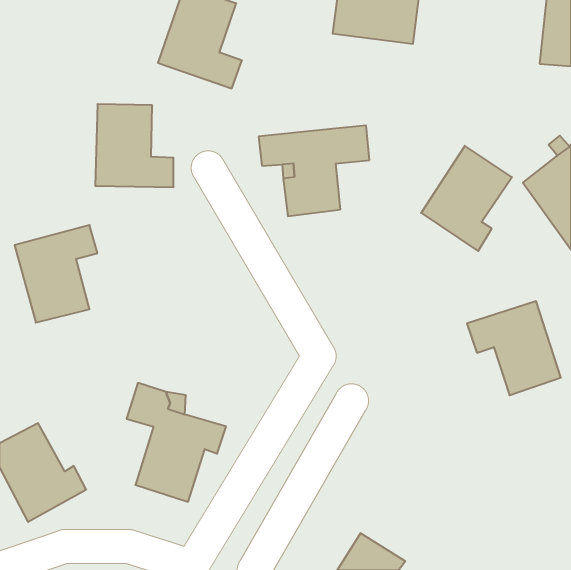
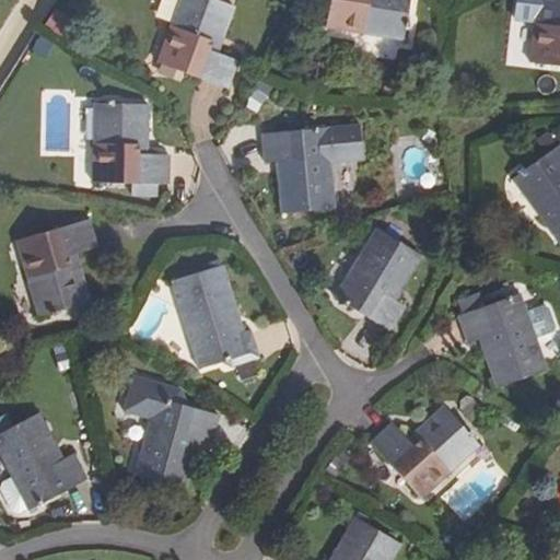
building: [421,146,512,251] -> [331,231,420,334]
building: none -> [173,261,261,364]
building: none -> [374,402,483,493]

